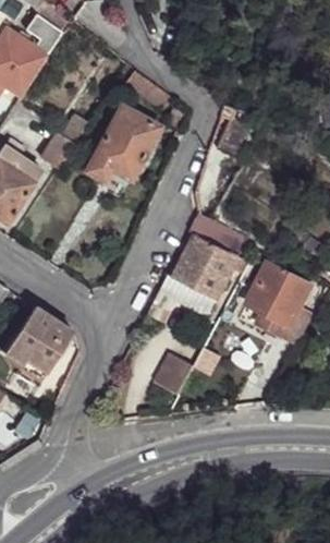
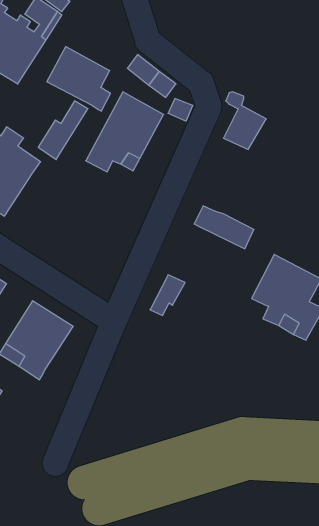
building: none -> [47,47,110,111]
building: [172,233,250,299] -> none
building: [154,353,194,395] -> none

